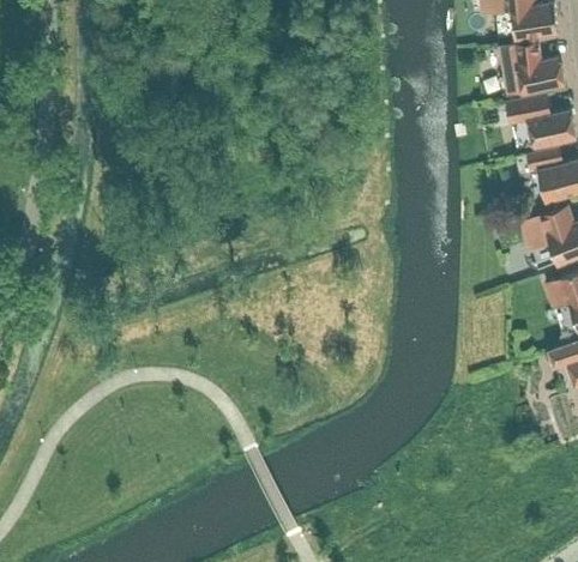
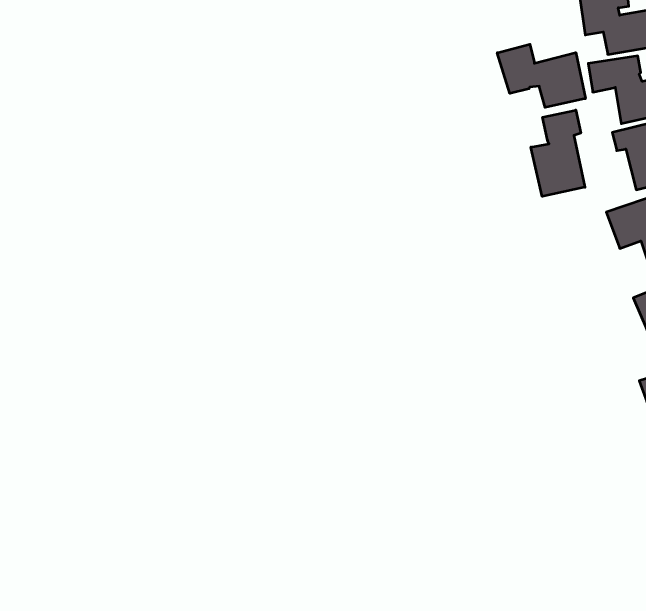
building: none -> [497,44,585,107]
building: none -> [531,110,585,196]

